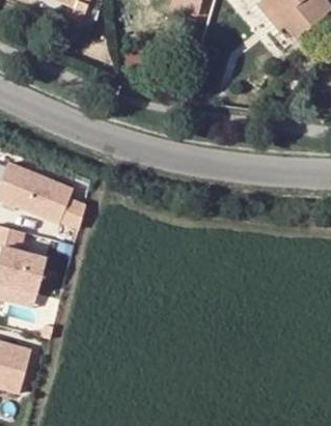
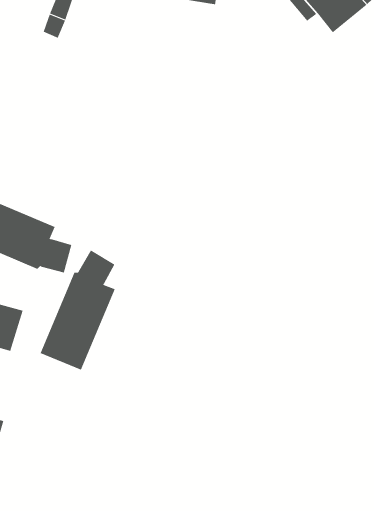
building: none -> [40,250,115,371]

